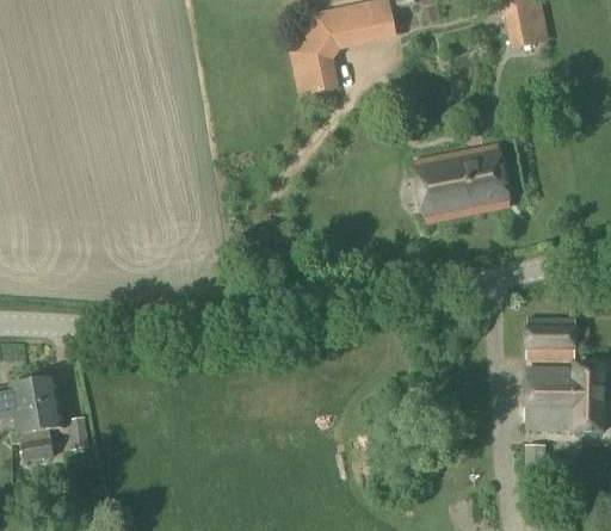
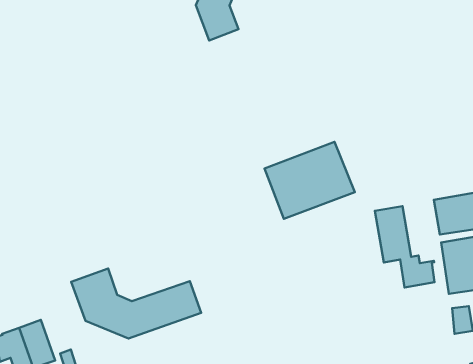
building: [412,147,510,224] -> [265,142,355,219]
building: none -> [375,206,434,287]
building: none -> [71,269,201,339]

